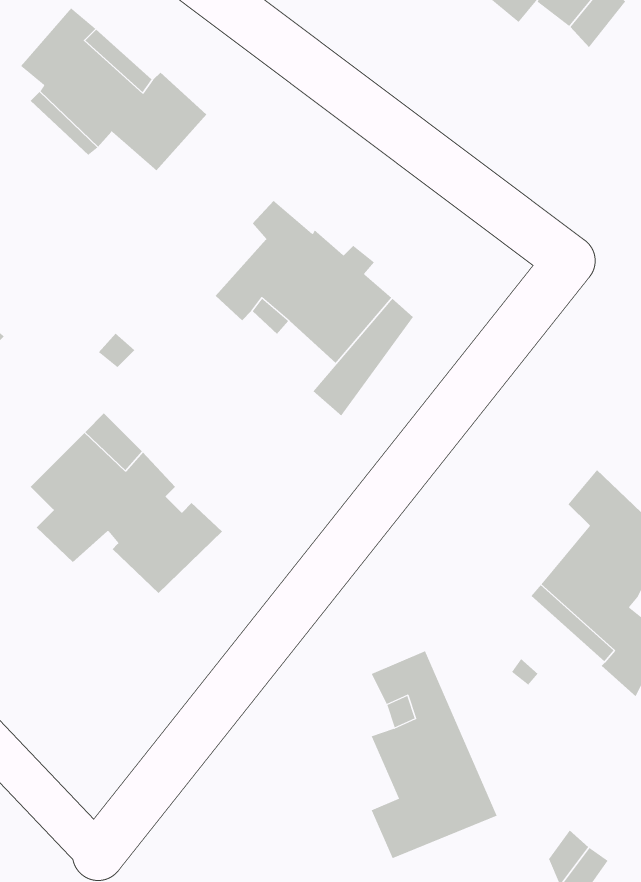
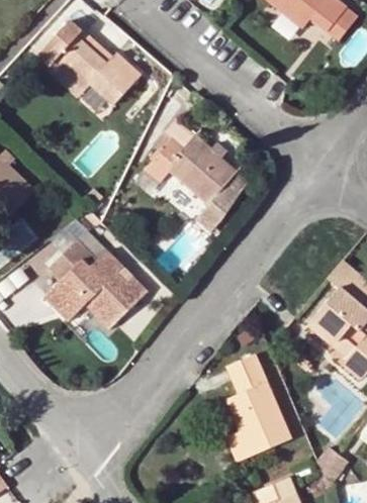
building: none -> [45,289,115,328]

